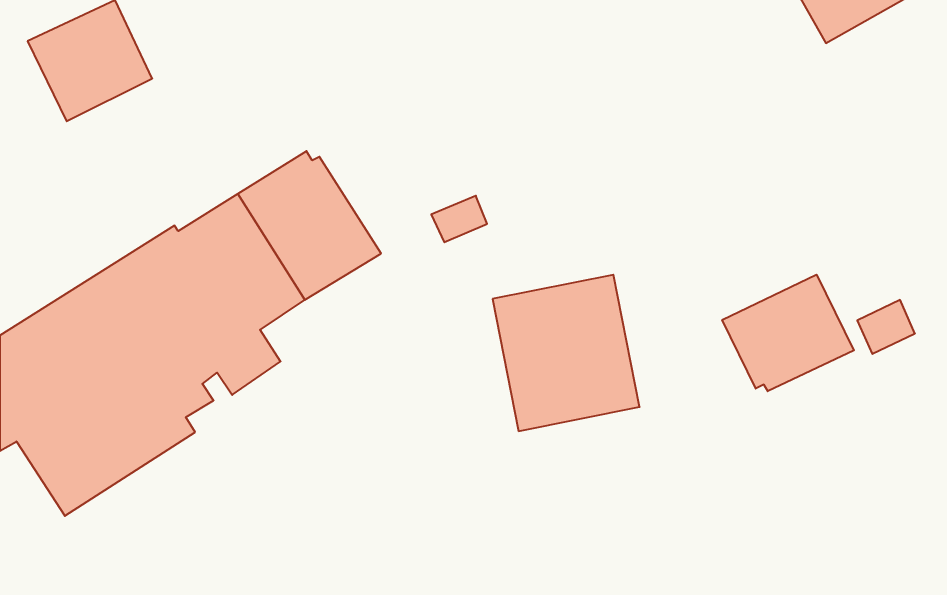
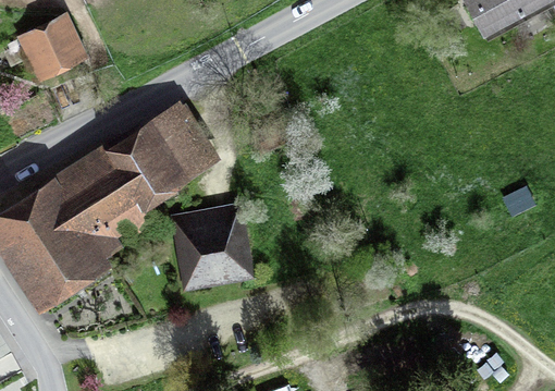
building: [722,275,854,391] -> none
building: [493,275,640,431] -> [169,204,255,295]

